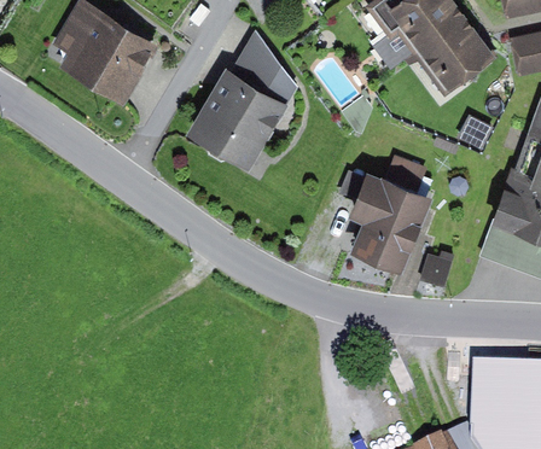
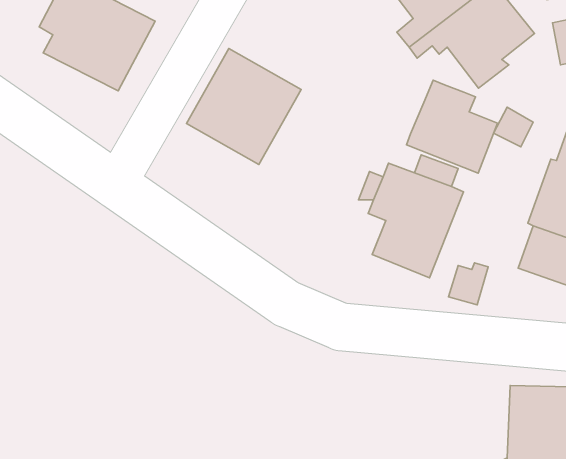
building: [239,29,299,97] -> none
building: none -> [407,80,498,173]

